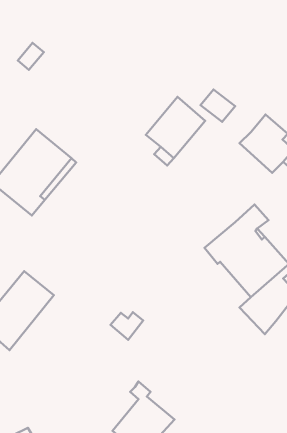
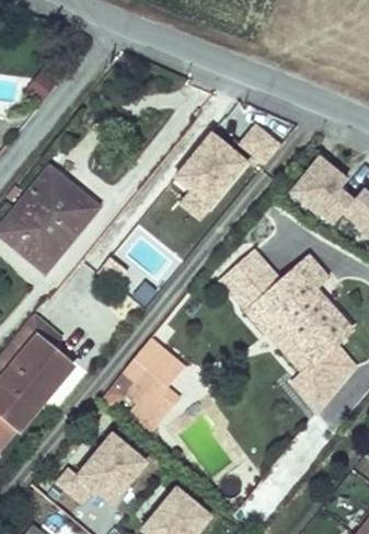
building: none -> [221,249,284,311]
building: none -> [125,349,180,402]
building: none -> [57,427,147,501]

